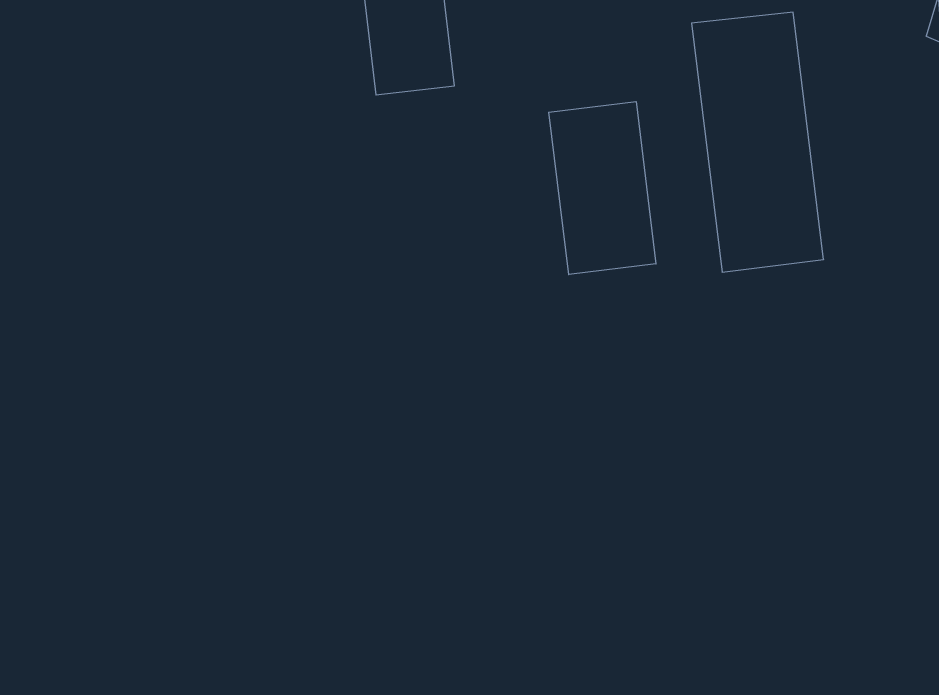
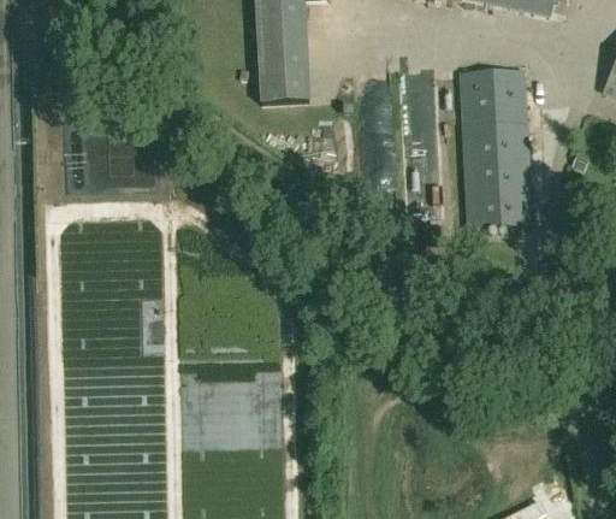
building: [549,102,656,275] -> none

